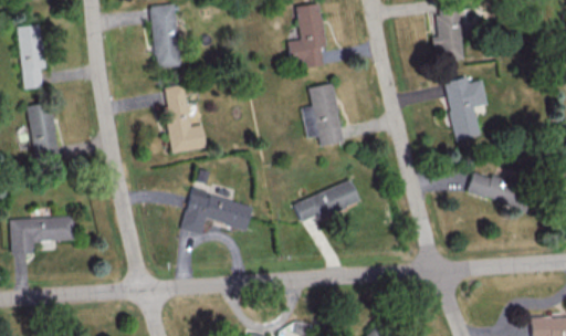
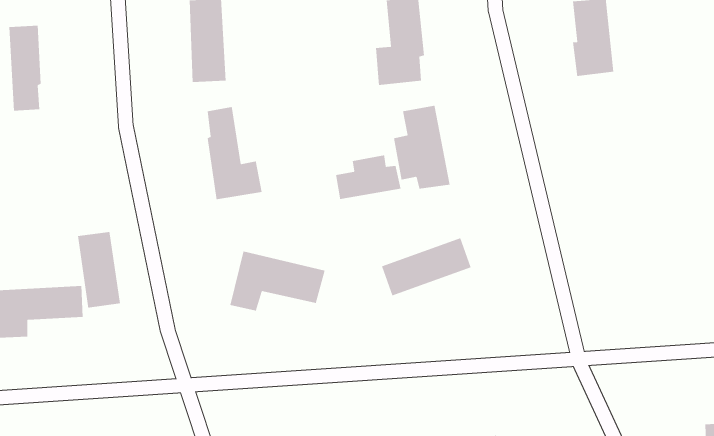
building: [444,76,486,140] -> none
building: [27,103,59,159] -> [77,231,121,308]
building: none -> [335,155,401,200]
building: [467,170,527,211] -> none

